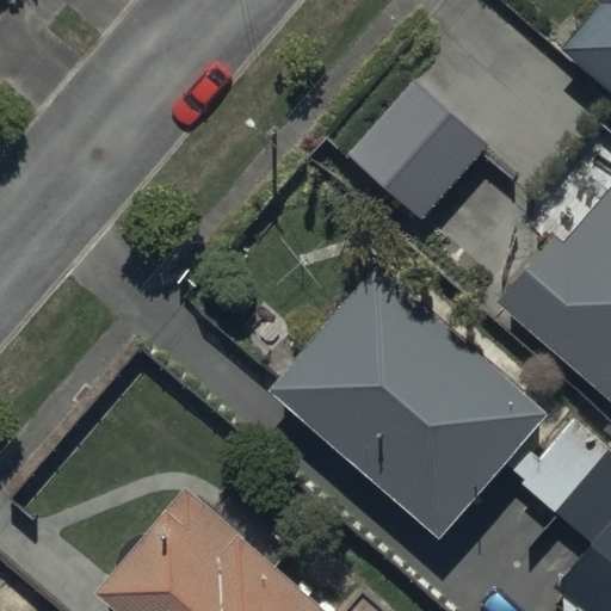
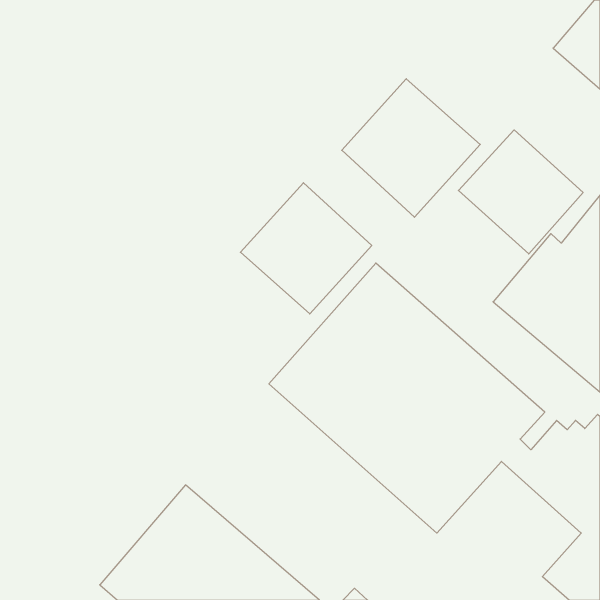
building: none -> [458,130,583,254]
building: none -> [240,183,372,314]

